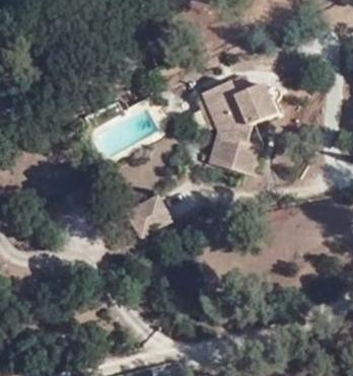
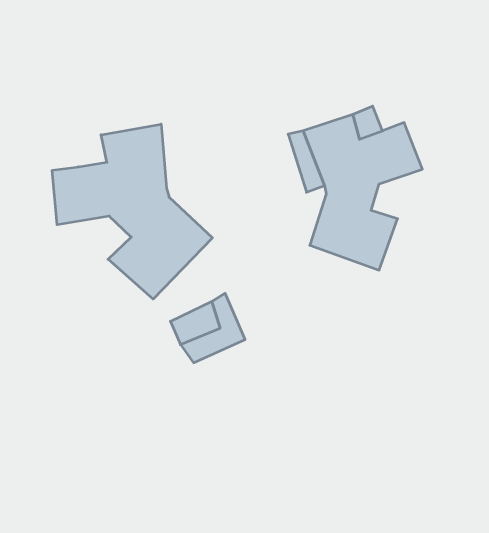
building: none -> [52,124,212,299]

